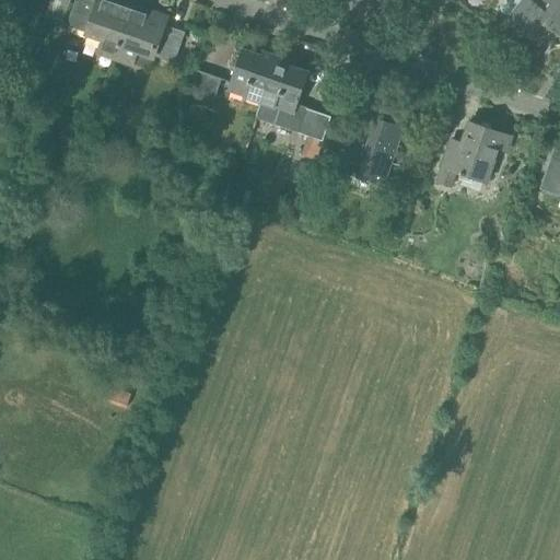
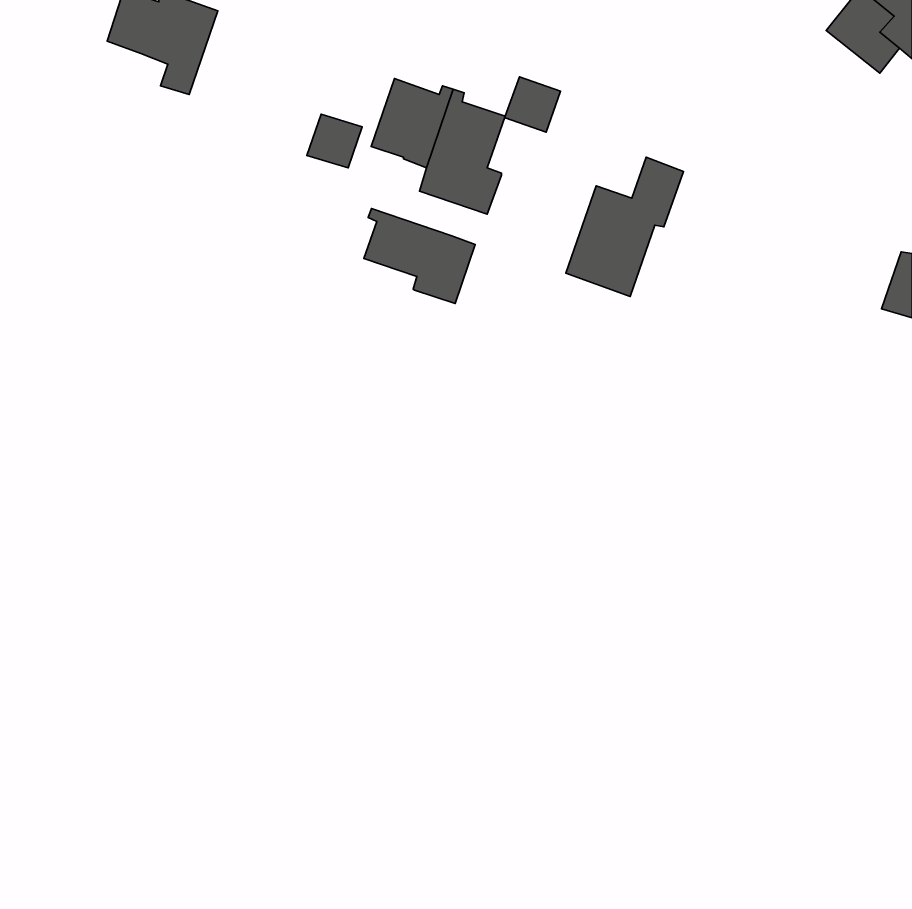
building: [116,7,184,65] -> none
building: [299,107,332,141] -> [505,77,560,132]
building: [435,124,512,186] -> none
building: none -> [364,208,475,303]

